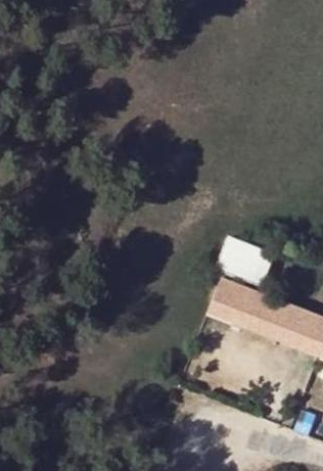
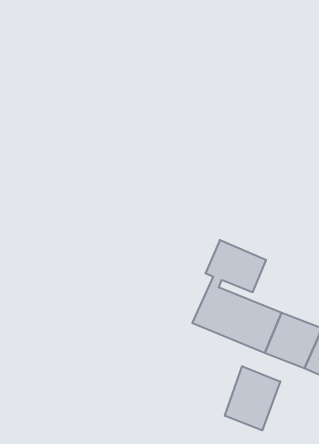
building: none -> [225,366,280,430]

